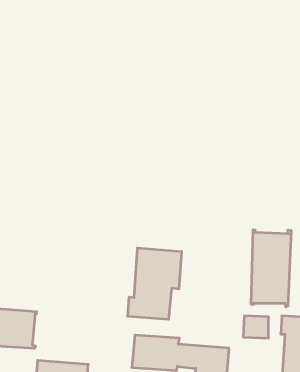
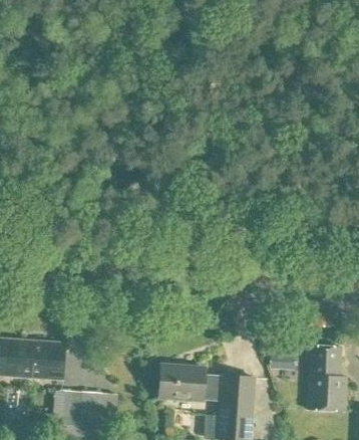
building: [251,230,291,307] -> none
building: [128,248,182,319] -> none

